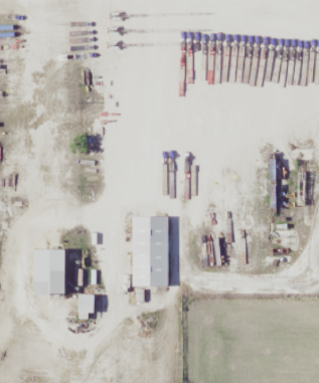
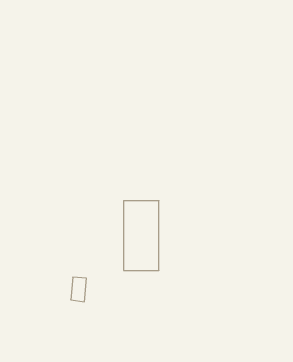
building: [34,247,65,294] -> none

